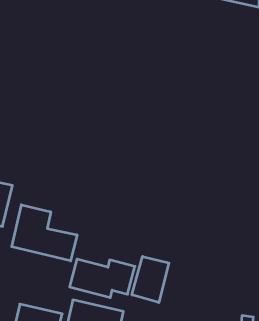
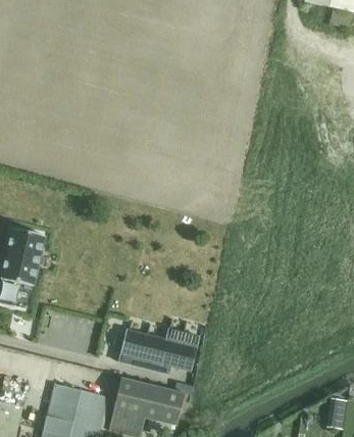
building: [12,205,77,261] -> none
building: [132,256,169,303] -> none

